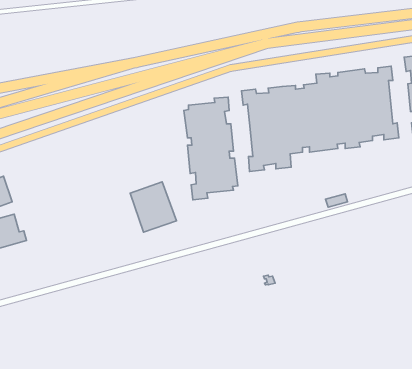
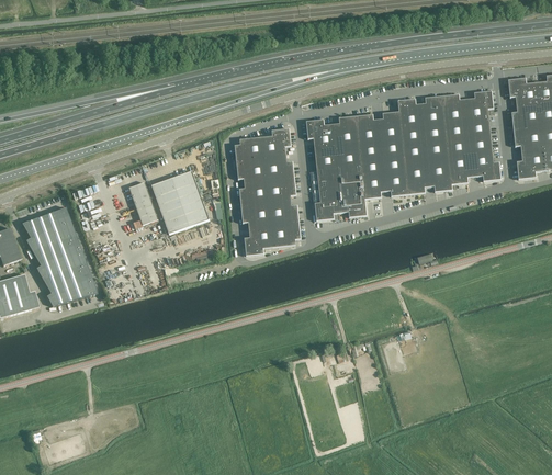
building: none -> [129,181,158,224]
building: none -> [22,206,98,305]
building: [130,182,176,232] -> [153,170,210,233]

